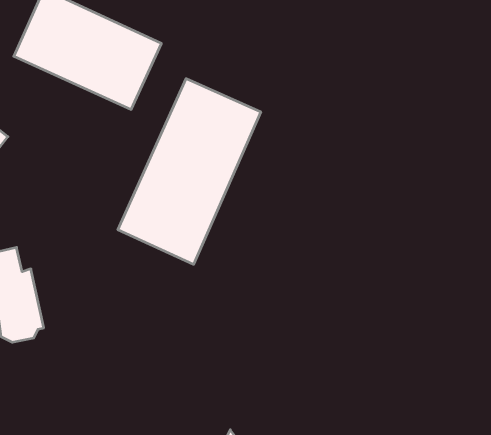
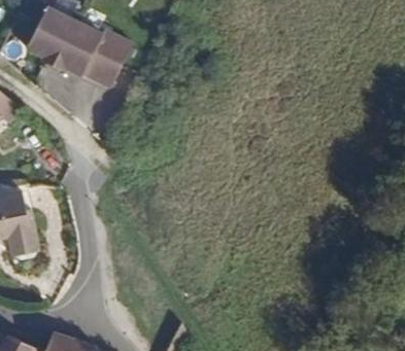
building: [118,79,261,264] -> none

